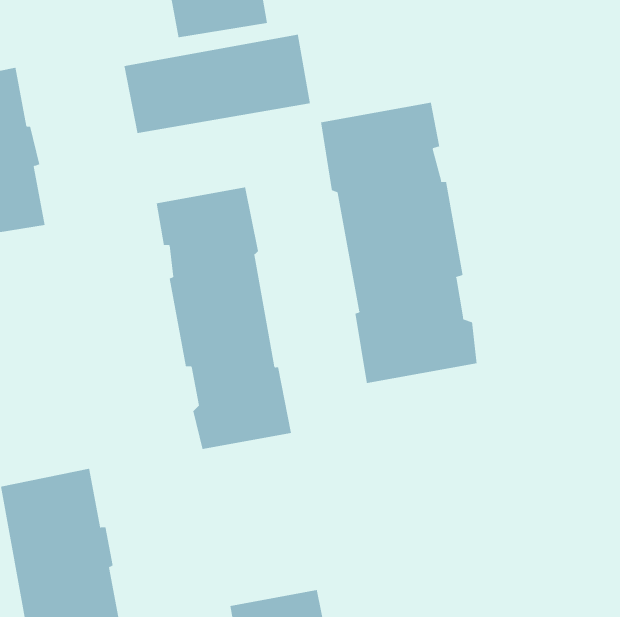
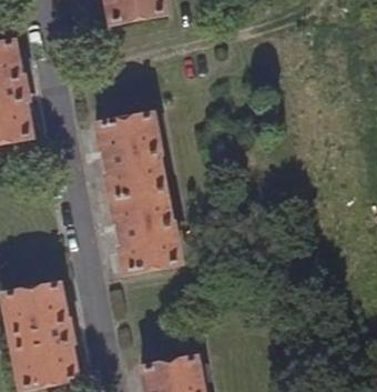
building: [124,34,310,134] -> none
building: [320,102,477,384] -> none

